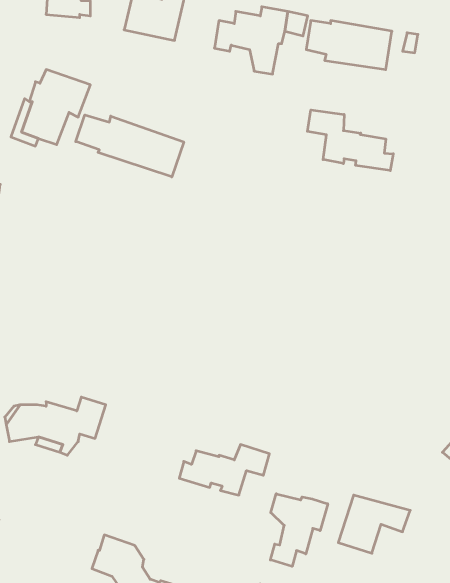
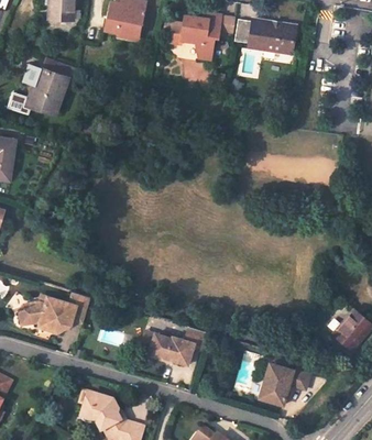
building: [307,110,393,171] -> none
building: [76,115,184,177] -> none
building: [270,494,328,566] -> none

